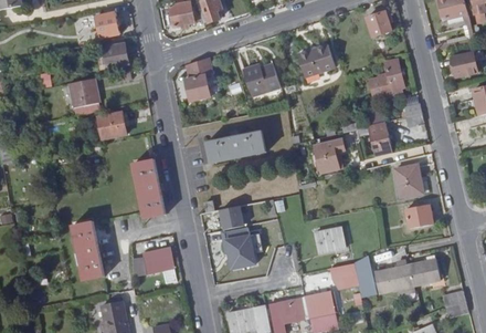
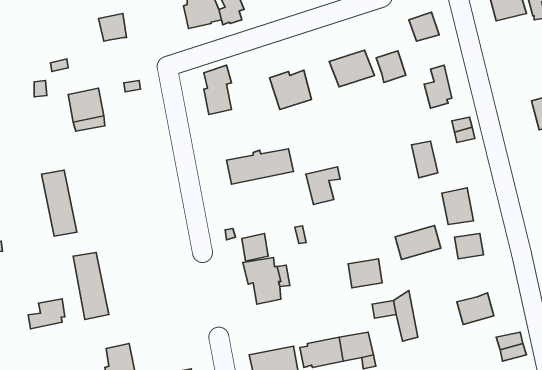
building: [94,38,128,70] -> none
building: none -> [376,51,406,82]
building: [452,51,477,76] -> none
building: [97,112,126,138] -> none
building: [314,137,344,170] -> [306,167,340,205]
building: [134,159,165,217] -> [42,170,77,236]
building: [133,247,173,275] -> none
building: none -> [28,299,65,329]
building: [373,264,413,294] -> [395,225,441,260]

